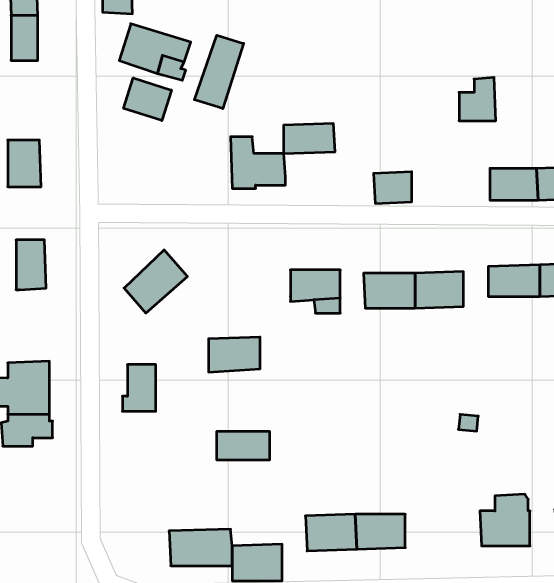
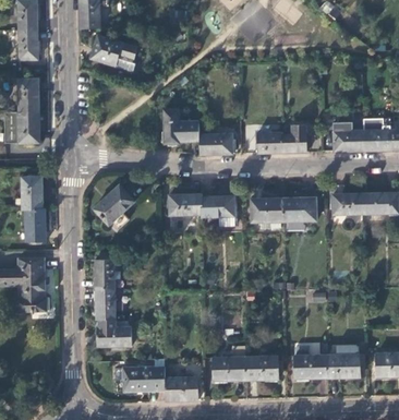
building: [194,35,244,109] -> none
building: [459,77,496,121] -> [282,123,306,152]
building: [124,78,171,121] -> none
building: none -> [19,77,38,111]
building: [284,124,335,153] -> [200,134,233,154]
building: none -> [25,208,46,241]
building: [209,337,260,372] -> [169,193,203,216]
building: none -> [93,289,116,320]
building: [217,432,270,460] -> [97,327,132,346]
building: none -> [294,345,328,379]

